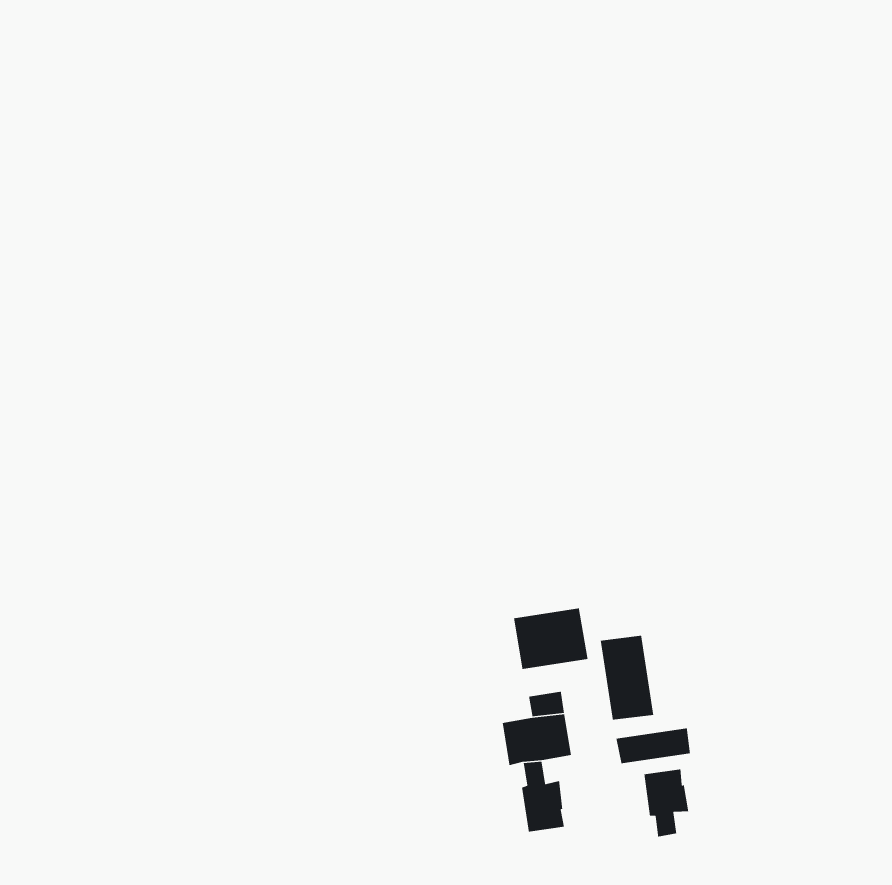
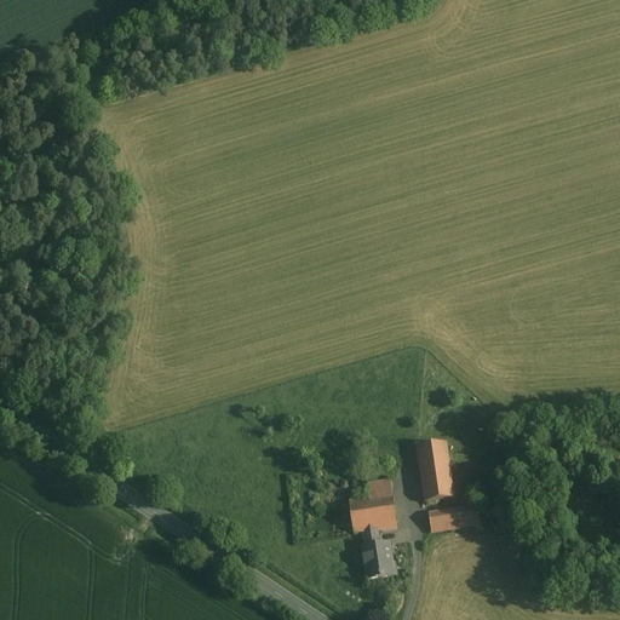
building: [513,608,588,670] -> none
building: [643,768,689,837] -> none

